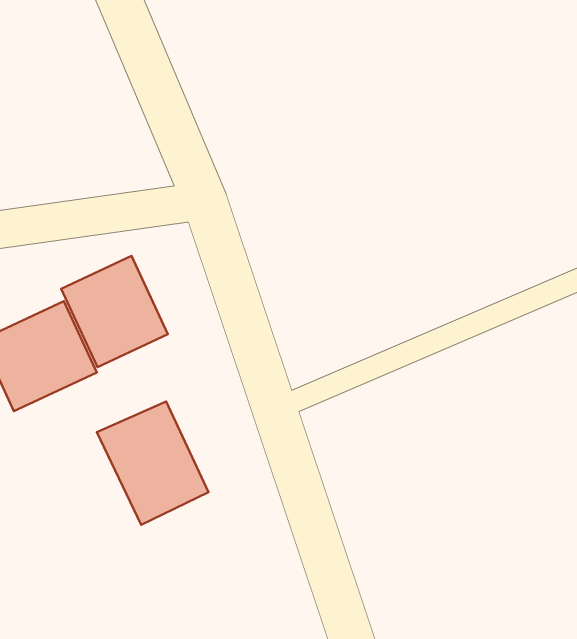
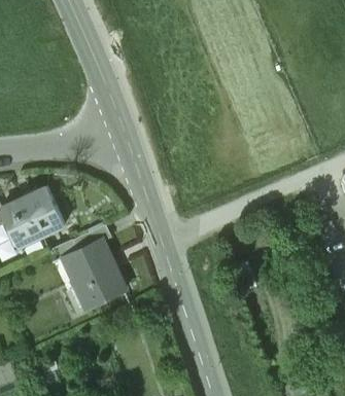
building: [61,256,168,367] -> none

